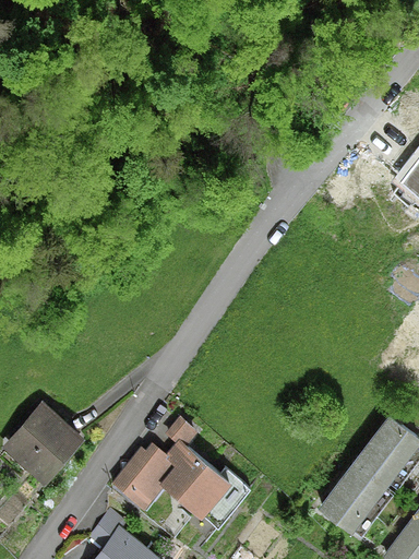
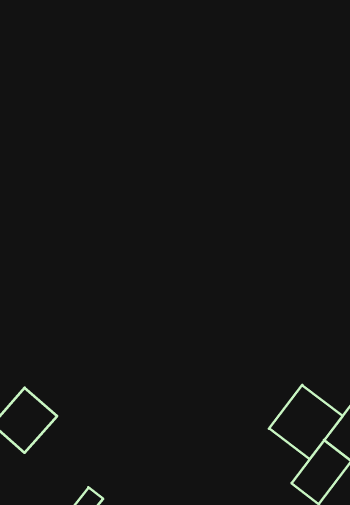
building: none -> [269,385,343,459]
building: [128,440,223,511] -> none

